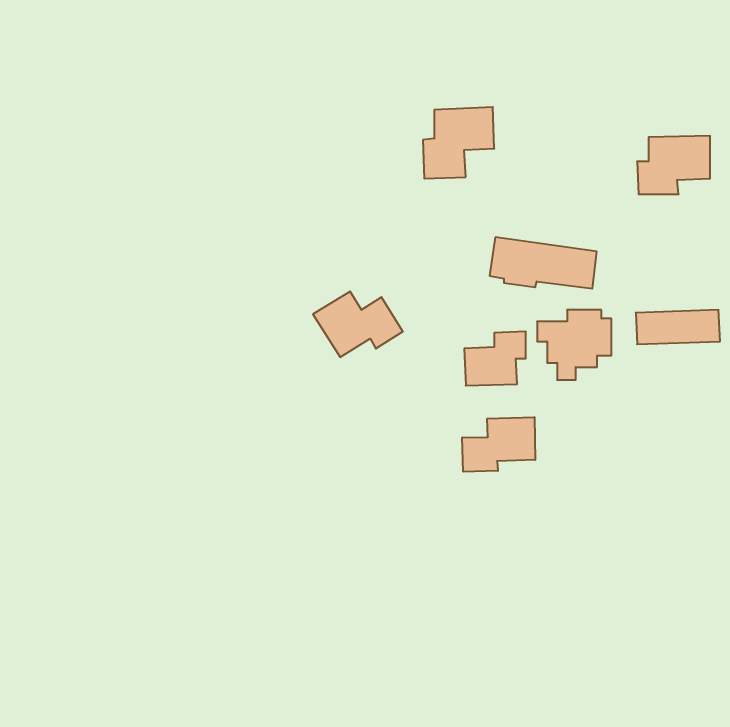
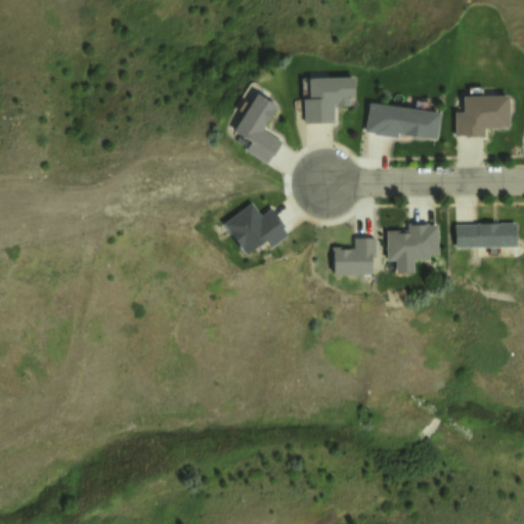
building: none -> [234,95,282,163]
building: [490,237,597,289] -> [362,99,439,136]
building: [462,417,535,472] -> none

